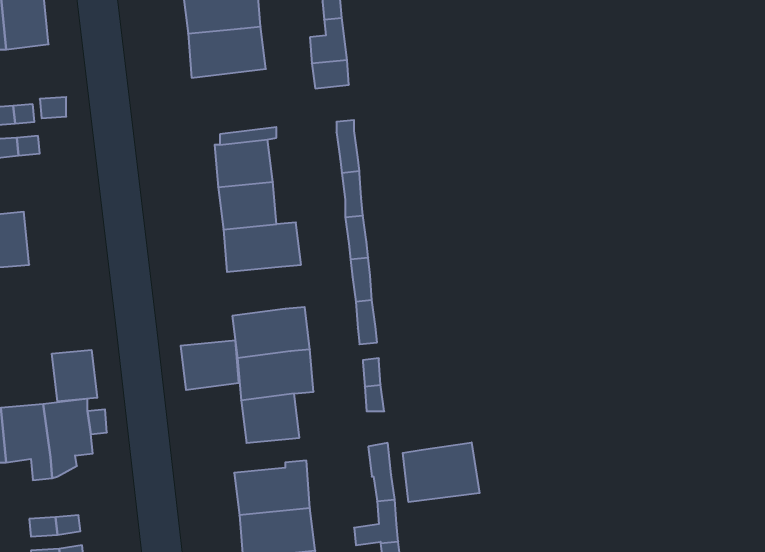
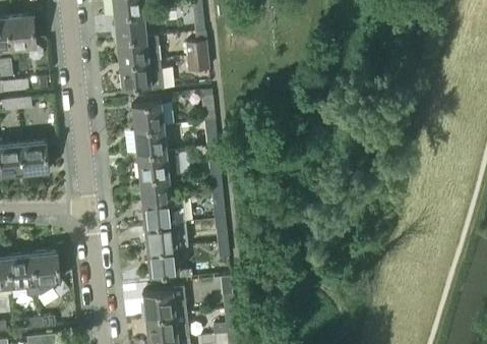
building: none -> [118,61,163,93]
building: none -> [21,140,49,174]
building: [181,341,239,390] -> [138,175,172,204]
building: [52,350,97,402] -> none
building: [403,442,480,502] -> none

